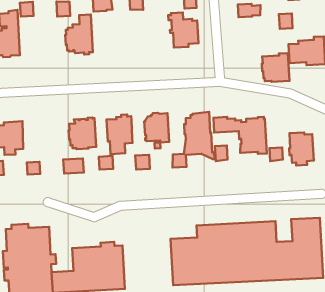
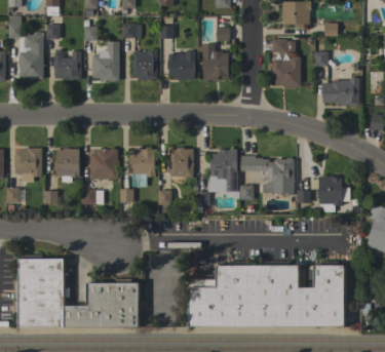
building: none -> [167,51,195,80]
building: none -> [132,51,157,80]
building: none -> [54,49,81,81]
building: [262,53,289,82] -> [273,57,301,86]
building: none -> [54,148,79,182]

